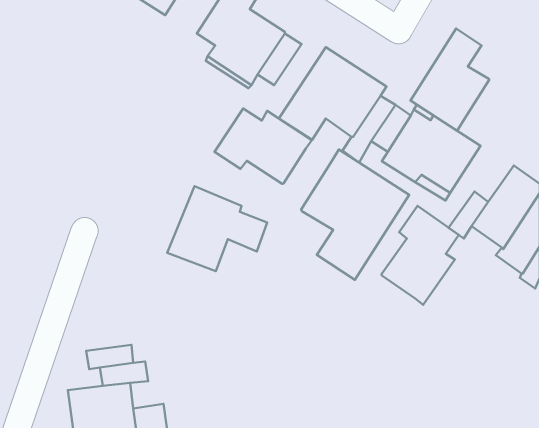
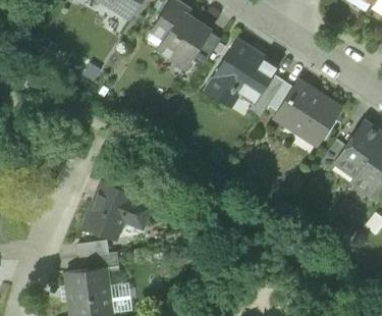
building: [410,28,489,131] -> none
building: [215,108,312,184] -> none
building: [301,149,409,280] -> none
building: [167,186,267,271] -> [84,182,151,240]
building: [382,206,459,305] -> none

